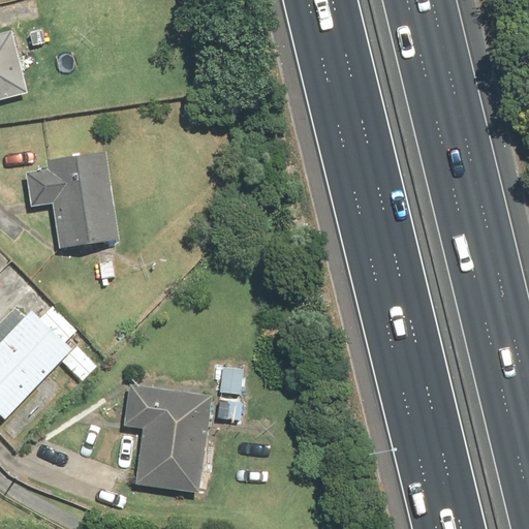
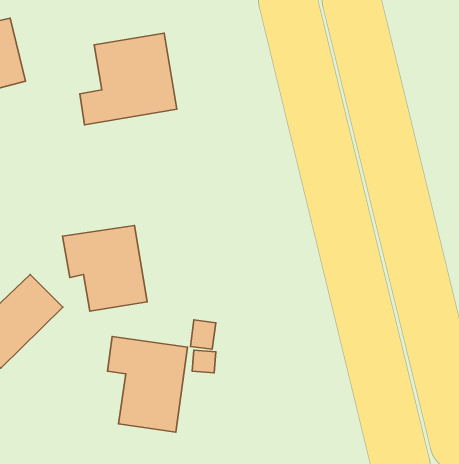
building: none -> [80,33,177,125]
building: [22,150,118,247] -> [62,225,147,311]

